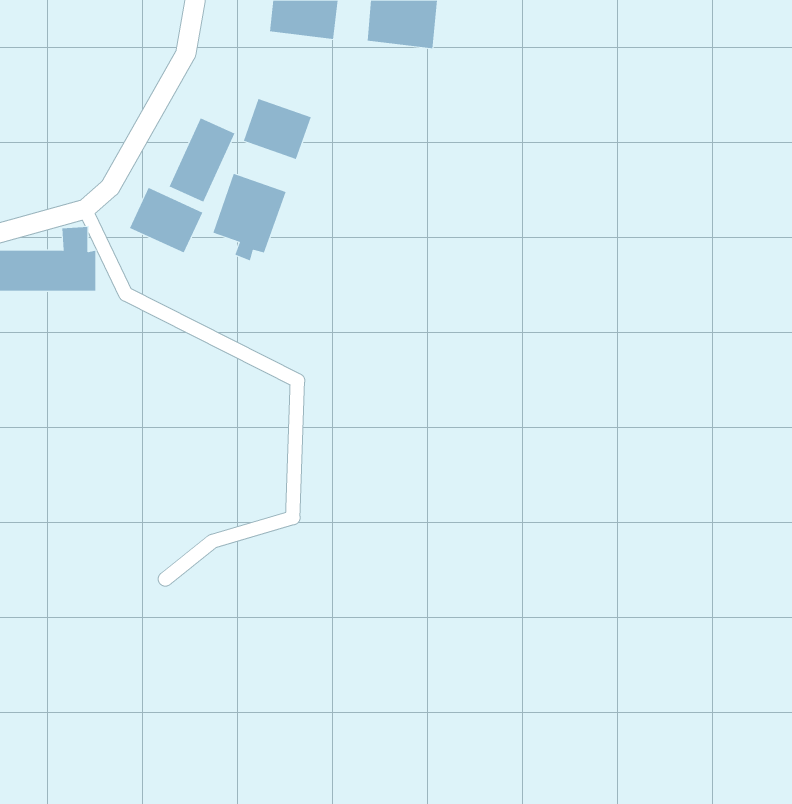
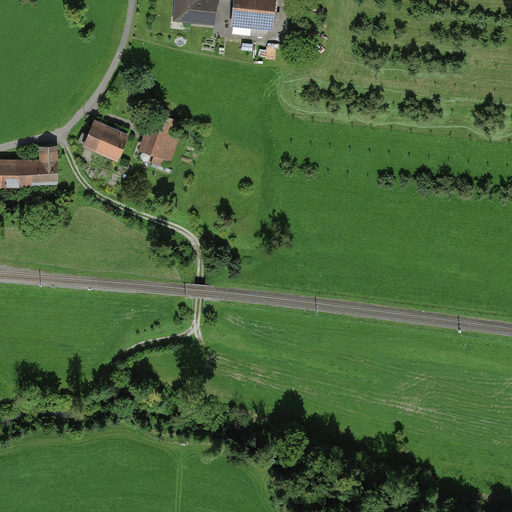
building: [243,98,311,160] -> none
building: [169,118,235,202] -> none

